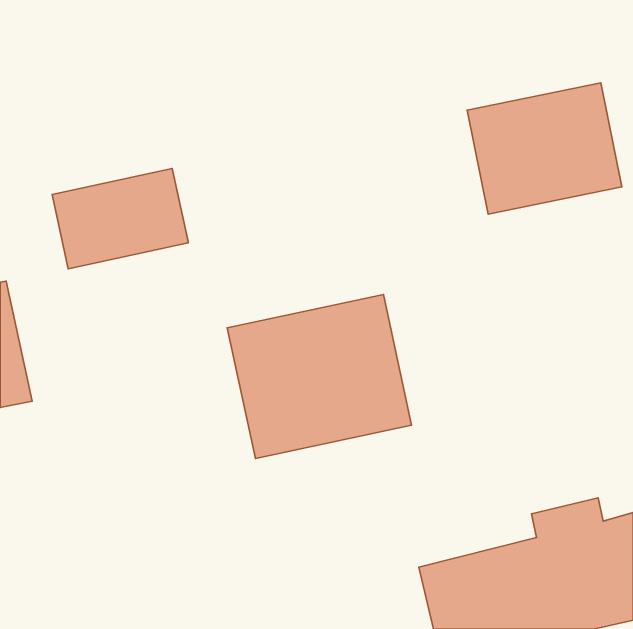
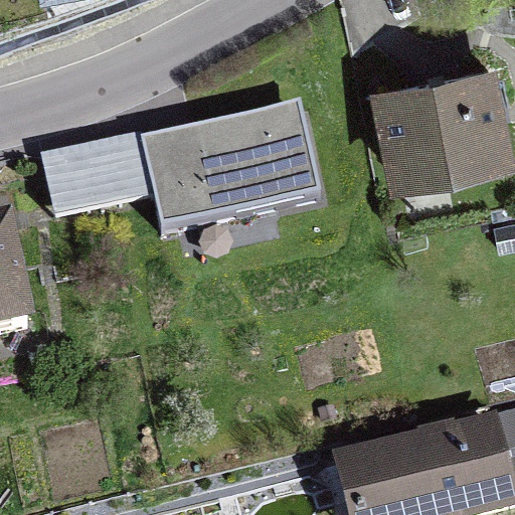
building: none -> [153,118,320,232]
building: [227,294,411,458] -> none

